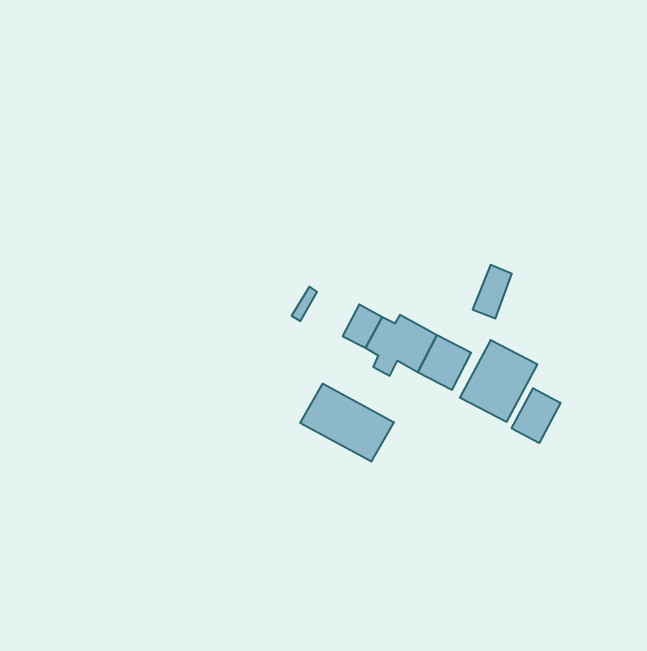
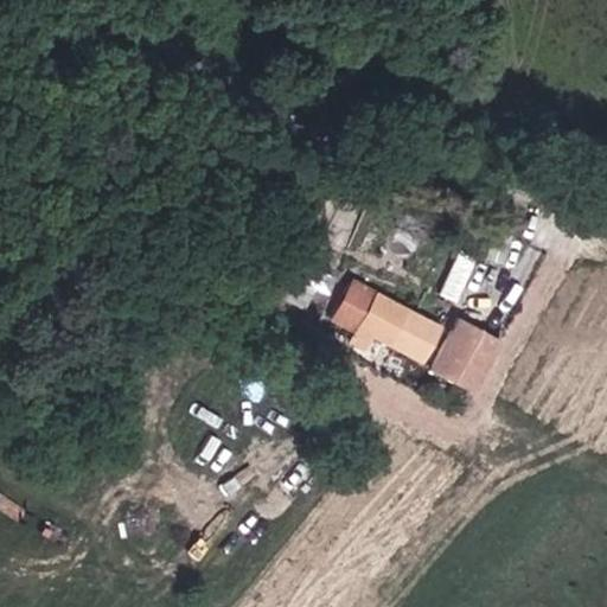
building: [300,384,394,462] -> none
building: [512,388,561,443] -> none

